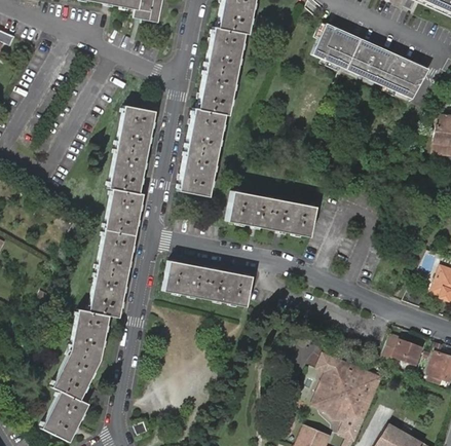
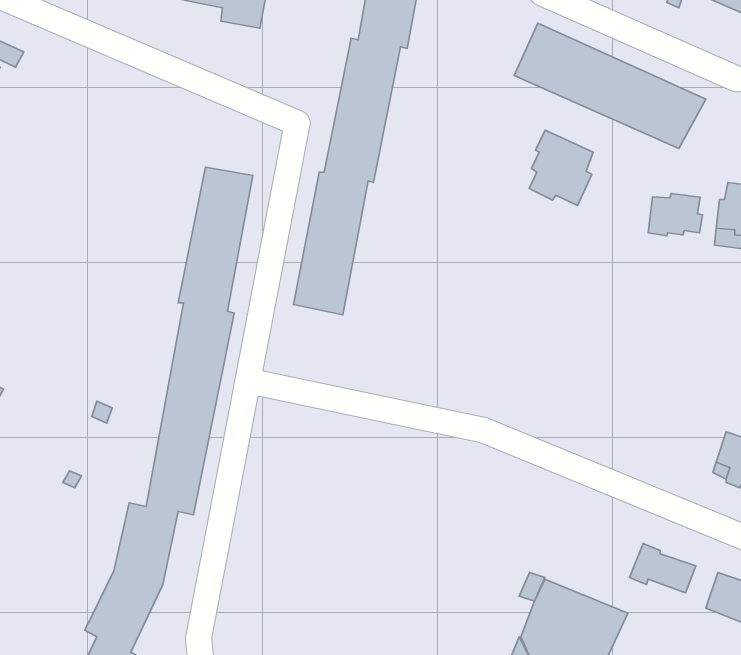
building: none -> [529,130,593,206]
building: none -> [648,193,702,236]
building: [227,190,314,235] -> none
building: [164,261,252,306] -> none

